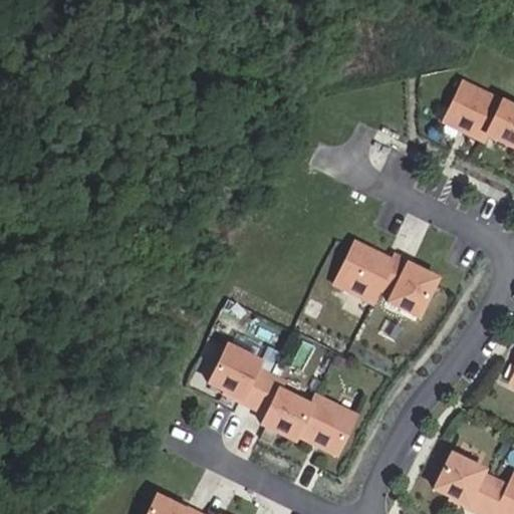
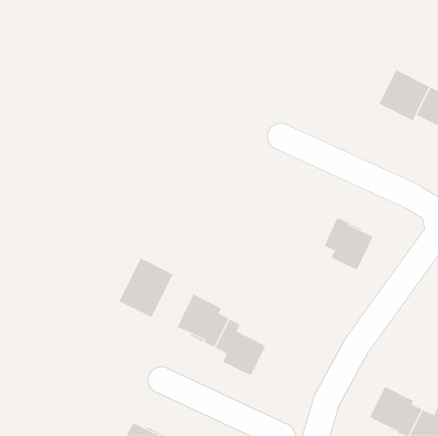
building: [334,241,393,302] -> none
building: none -> [119,258,174,318]
building: [297,394,355,454] -> none

